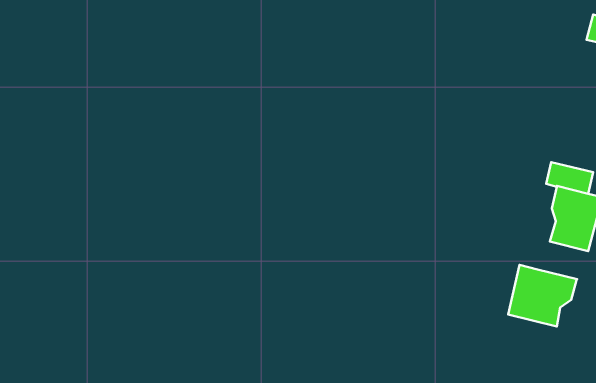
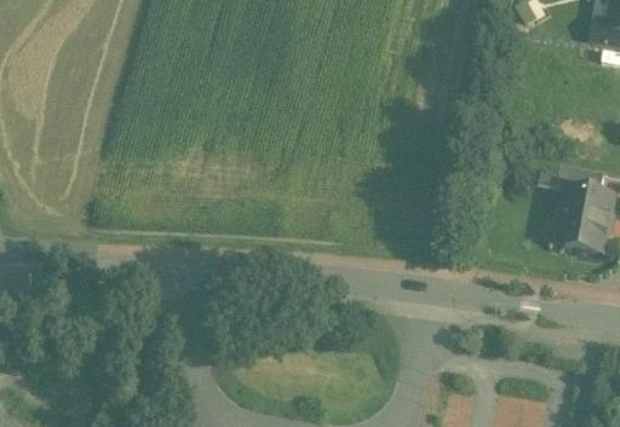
building: [508,265,577,327] -> none

